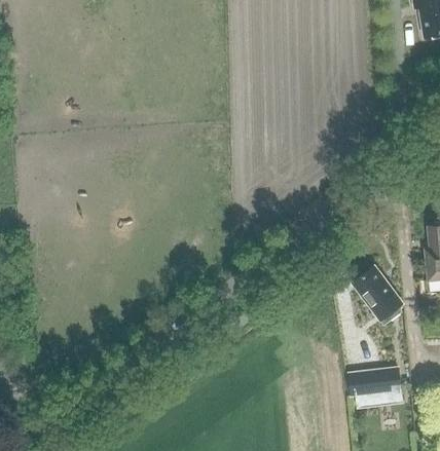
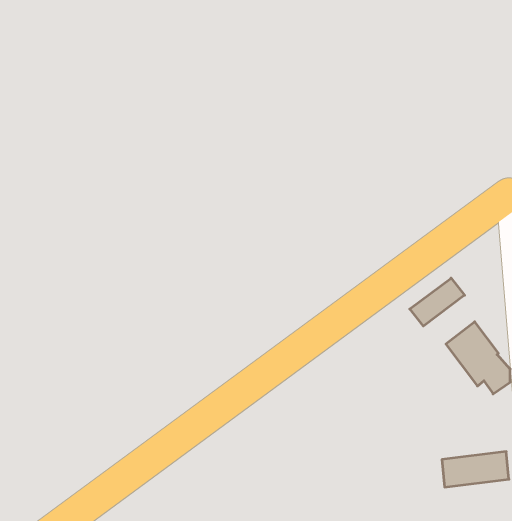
building: none -> [410,278,465,326]

